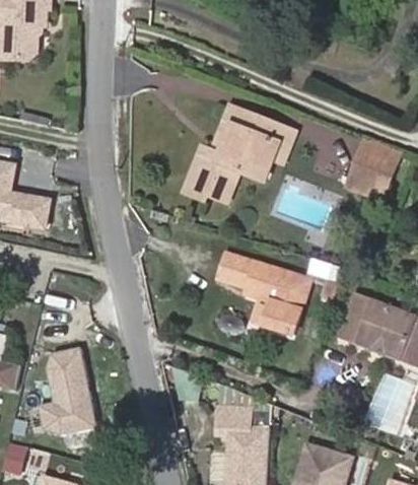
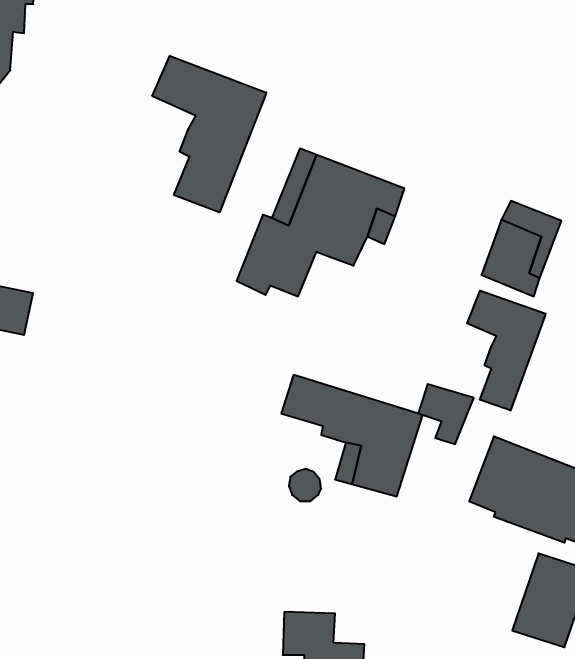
building: none -> [152,56,266,212]
building: none -> [467,291,546,411]
building: [41,346,99,435] -> none

